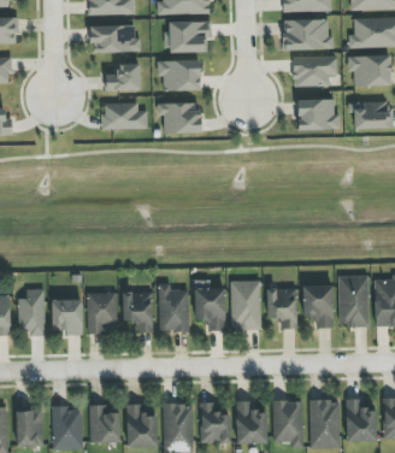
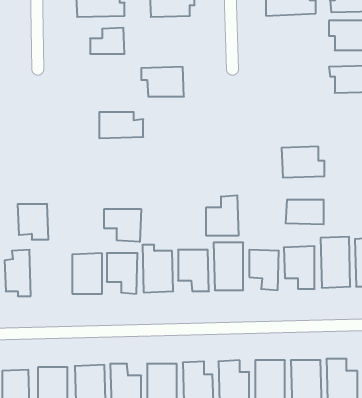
building: [293,55,336,87] -> none
building: [157,59,200,90] -> none
building: [296,99,340,130] -> [282,147,324,177]
building: [102,102,147,129] -> [99,112,143,138]
building: none -> [206,195,238,236]
building: none -> [286,200,324,224]
building: none -> [104,209,141,242]
building: [51,299,82,335] -> [18,204,48,240]

